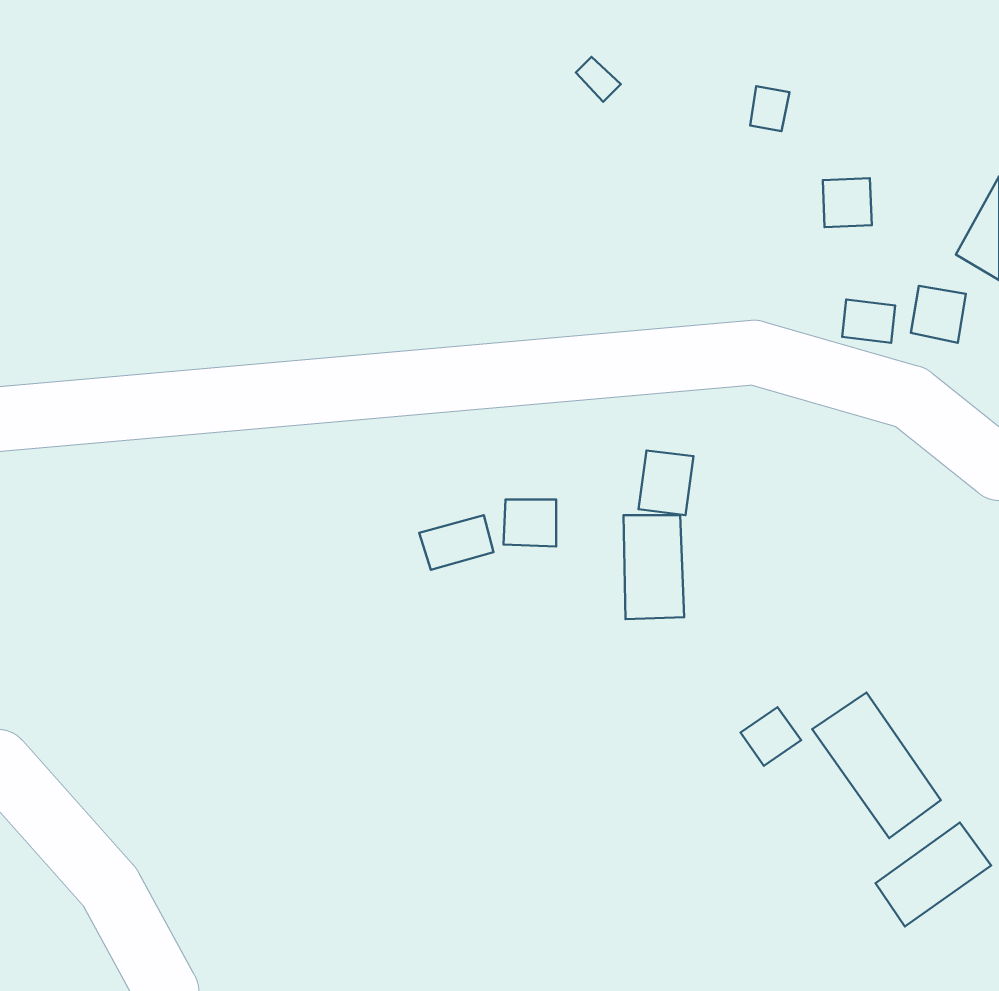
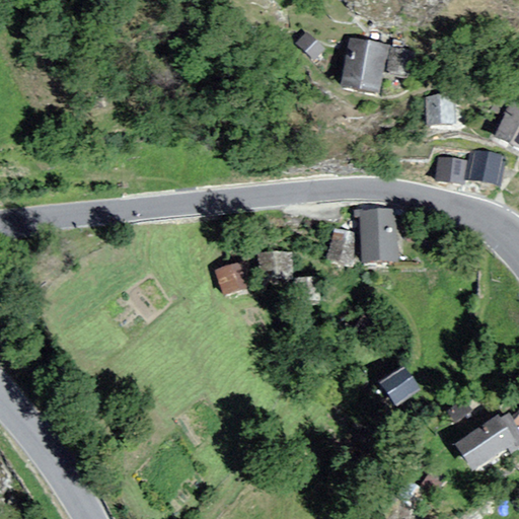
building: none -> [342,35,384,84]
building: [623,515,684,619] -> [365,211,396,265]
building: [812,692,941,838] -> none

